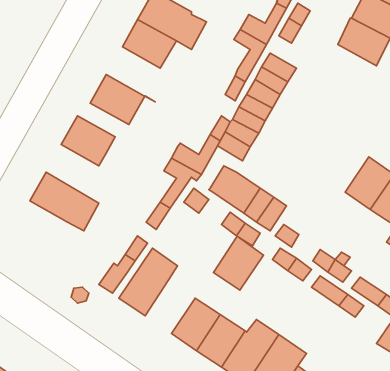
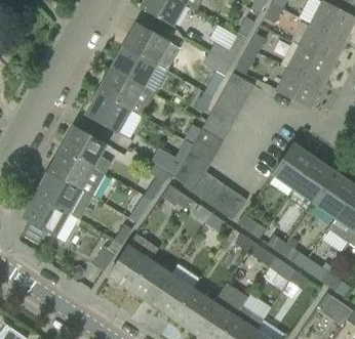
building: none -> [276,67,320,107]
building: none -> [98,69,155,116]
building: none -> [273,143,314,187]
building: none -> [49,149,106,197]
building: none -> [173,150,210,184]
building: none -> [23,195,80,241]
building: [213,236,263,290] -> [130,259,171,303]

